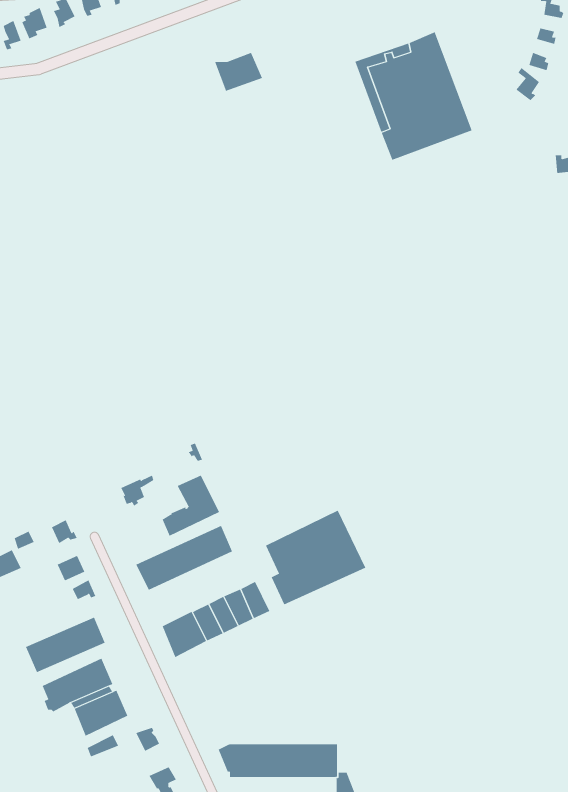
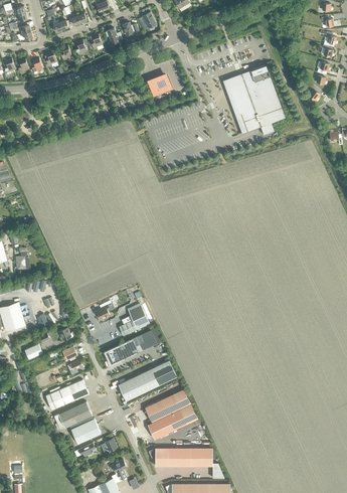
building: [265,510,366,605] -> [144,388,198,440]

